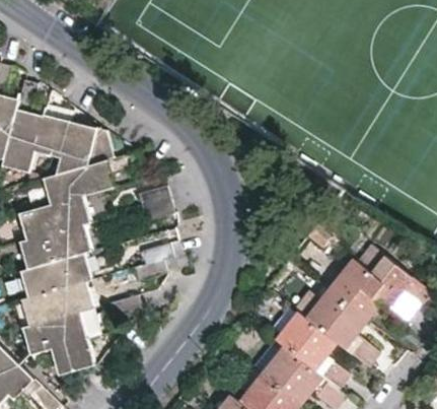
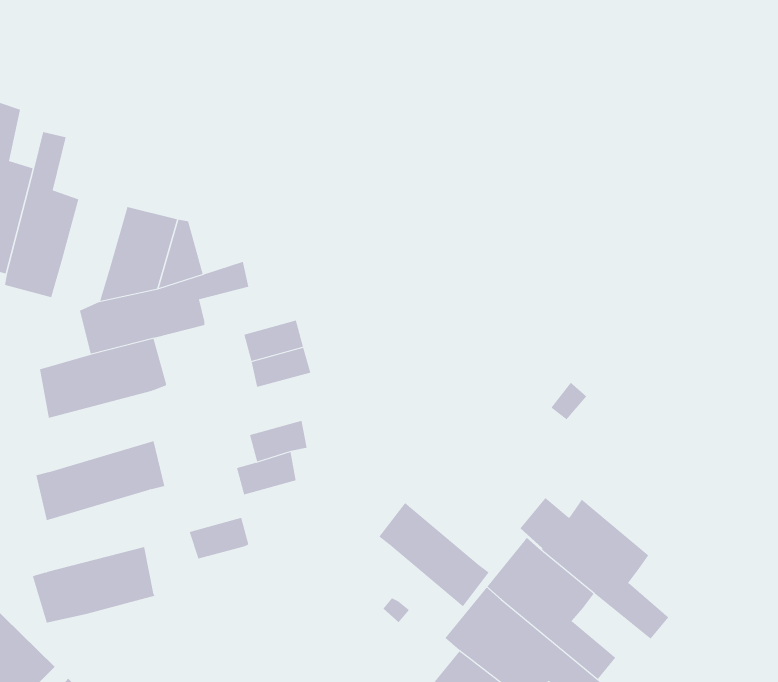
building: [38,116,73,159] -> none
building: [23,226,94,271] -> none
building: [325,255,425,322] -> none
building: [21,281,92,327] -> none
building: none -> [379,502,489,607]
building: [52,340,95,374] -> none

